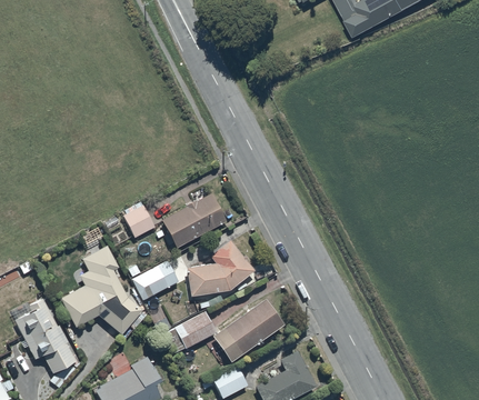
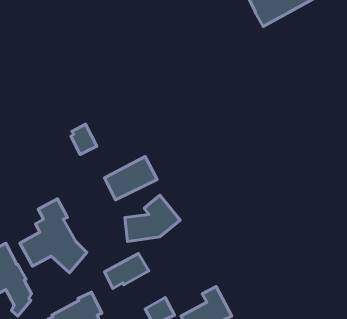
building: [123,200,154,237] -> [71,124,97,154]
building: [131,260,177,300] -> none
building: [212,300,282,362] -> none

